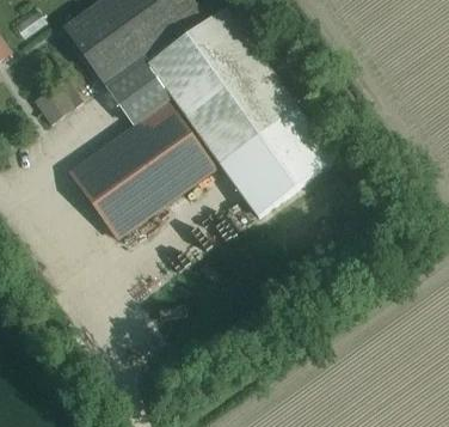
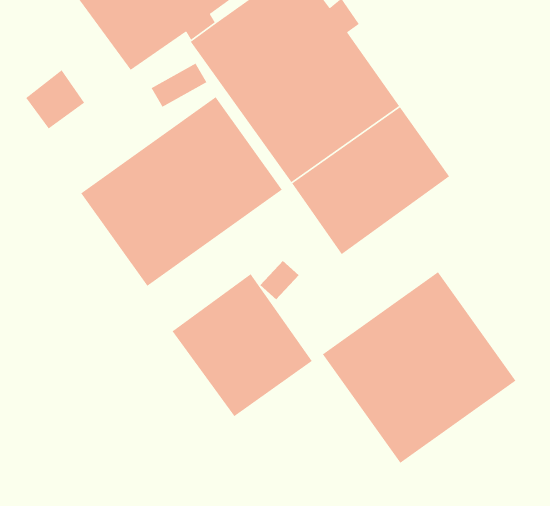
building: none -> [322,271,516,464]
building: none -> [172,273,313,417]

